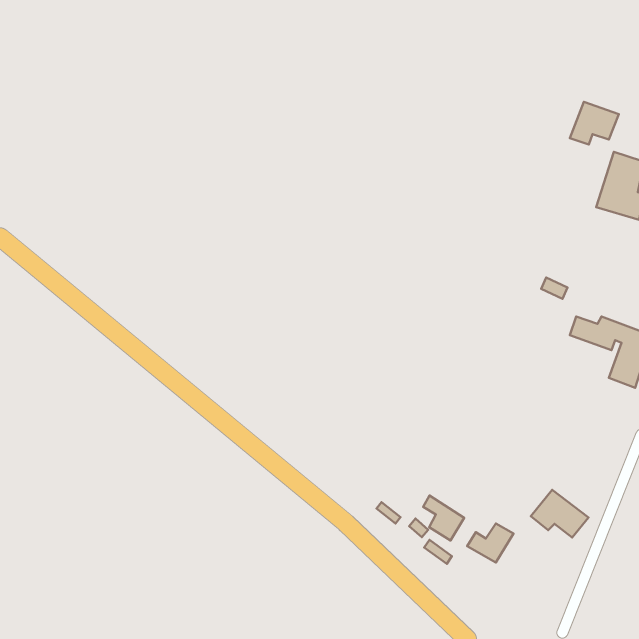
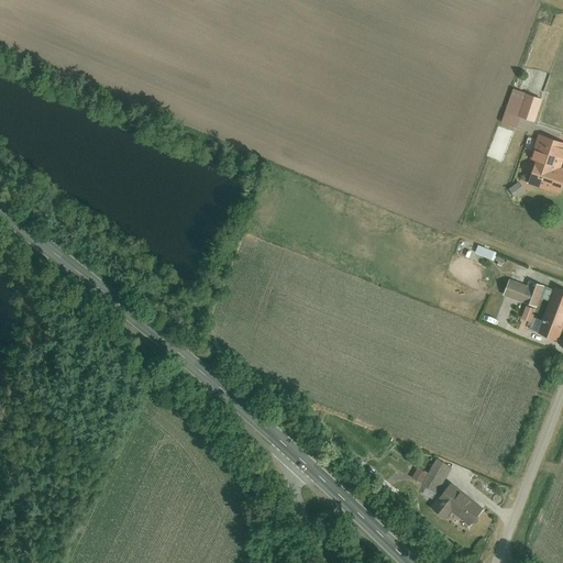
building: [531,490,589,538] -> [431,484,482,526]
building: [423,496,464,540] -> none

